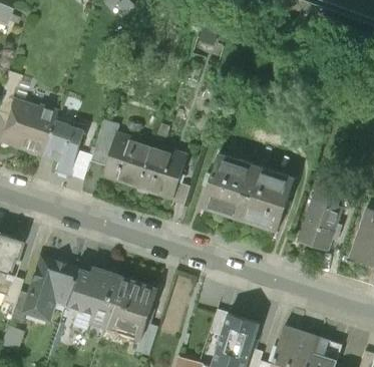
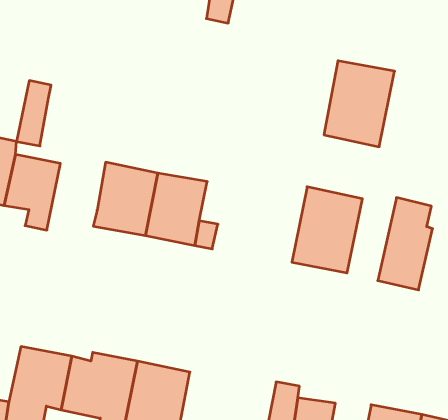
building: [90,119,119,166] -> [17,81,51,146]
building: [202,155,257,220] -> [324,61,395,147]

